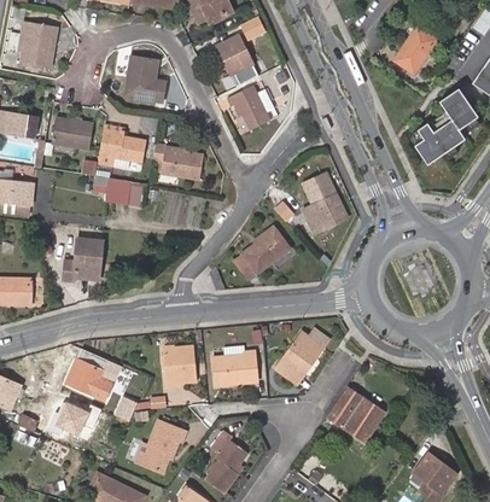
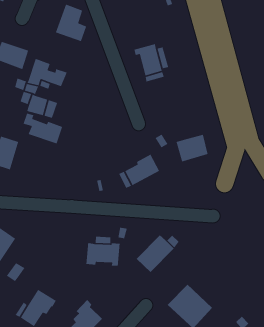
building: [220,37,259,86] -> none
building: [156,146,208,180] -> [23,113,63,144]
building: [302,170,336,203] -> none
building: [161,346,196,389] -> none

